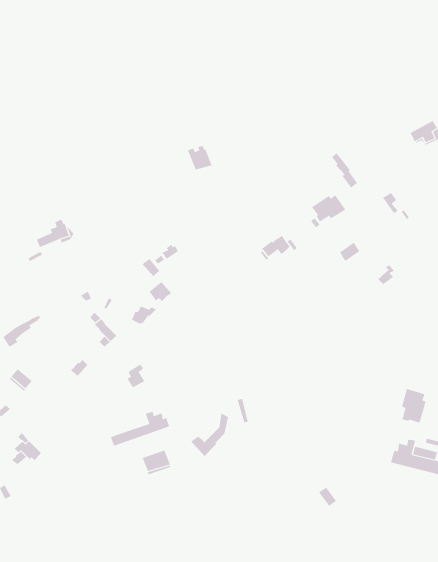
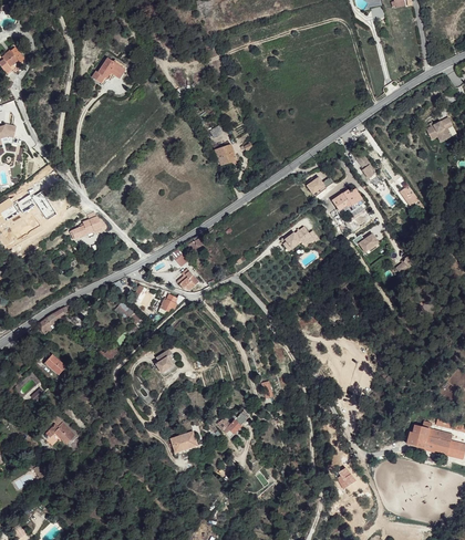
building: none -> [92,56,127,84]
building: [402,388,426,423] -> none
building: [110,411,170,446] -> none

